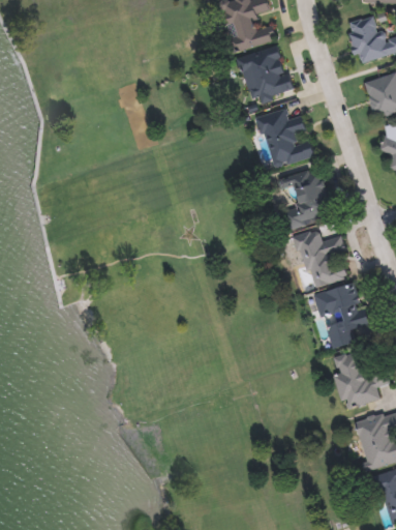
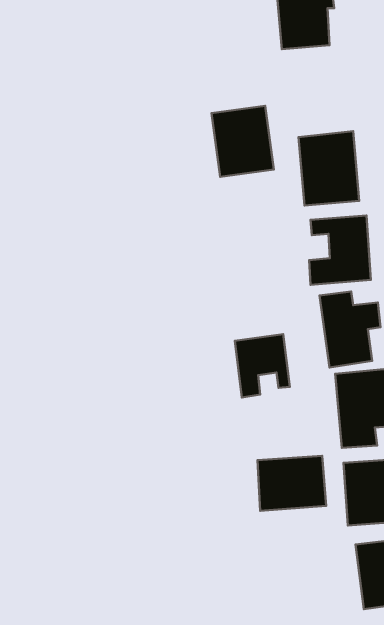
building: [237,45,292,105] -> [212,106,274,177]
building: none -> [235,334,290,397]
building: none -> [257,456,326,511]

